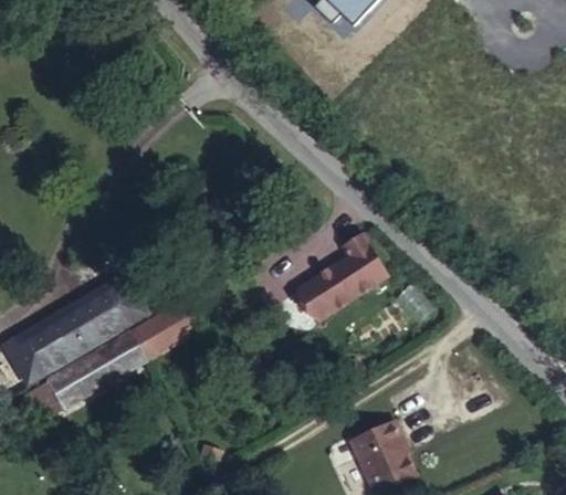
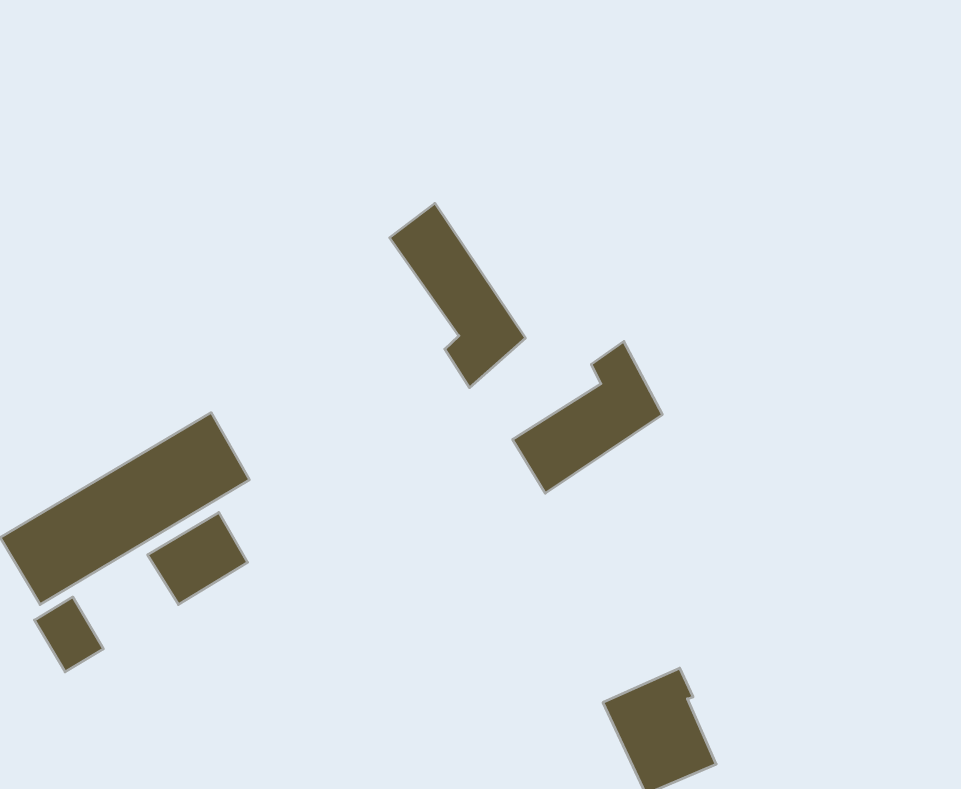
building: none -> [390,203,525,388]
building: [134,298,202,356] -> none
building: [44,356,105,410] -> none

